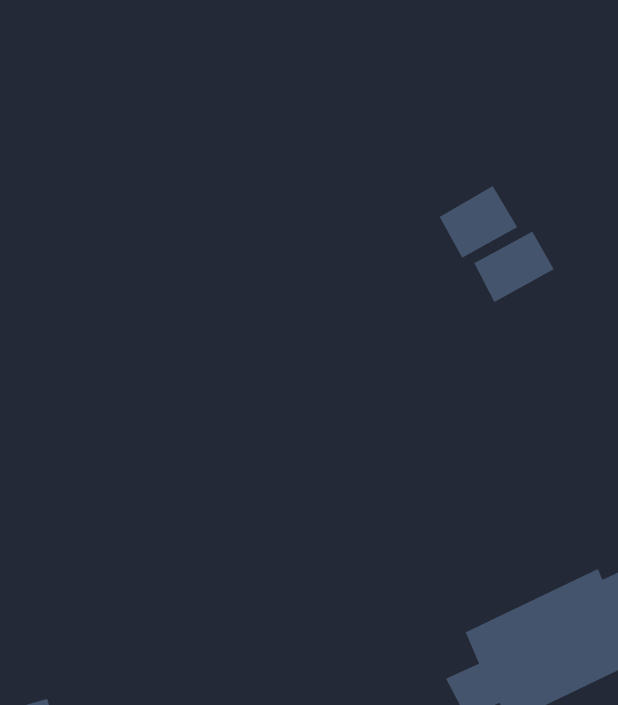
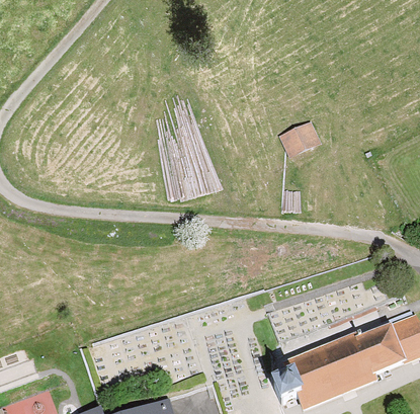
building: [474,231,554,303] -> none

